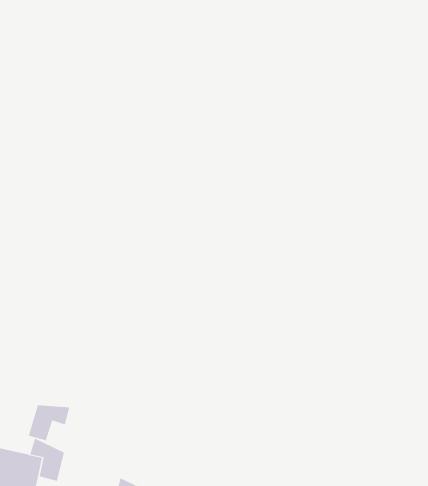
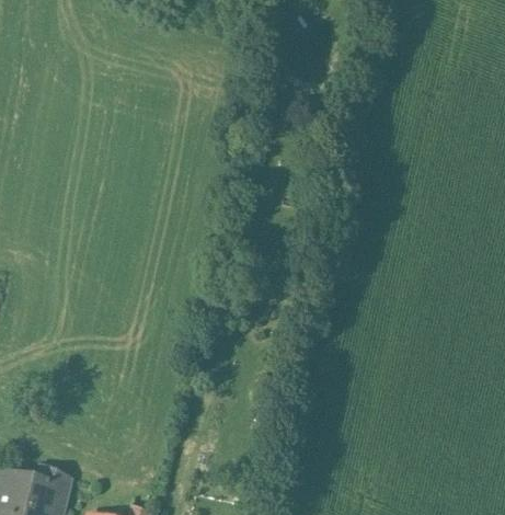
building: [28,405,70,441] -> none

